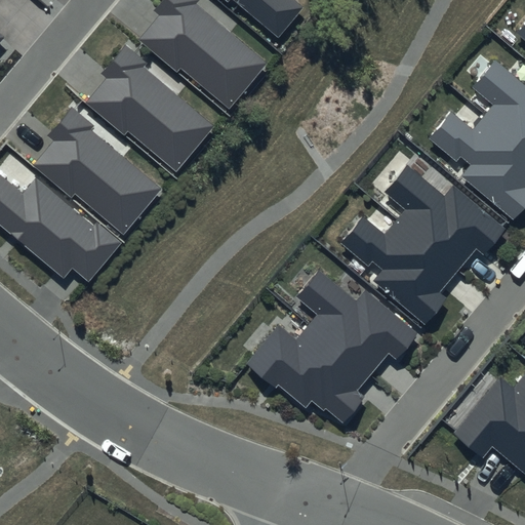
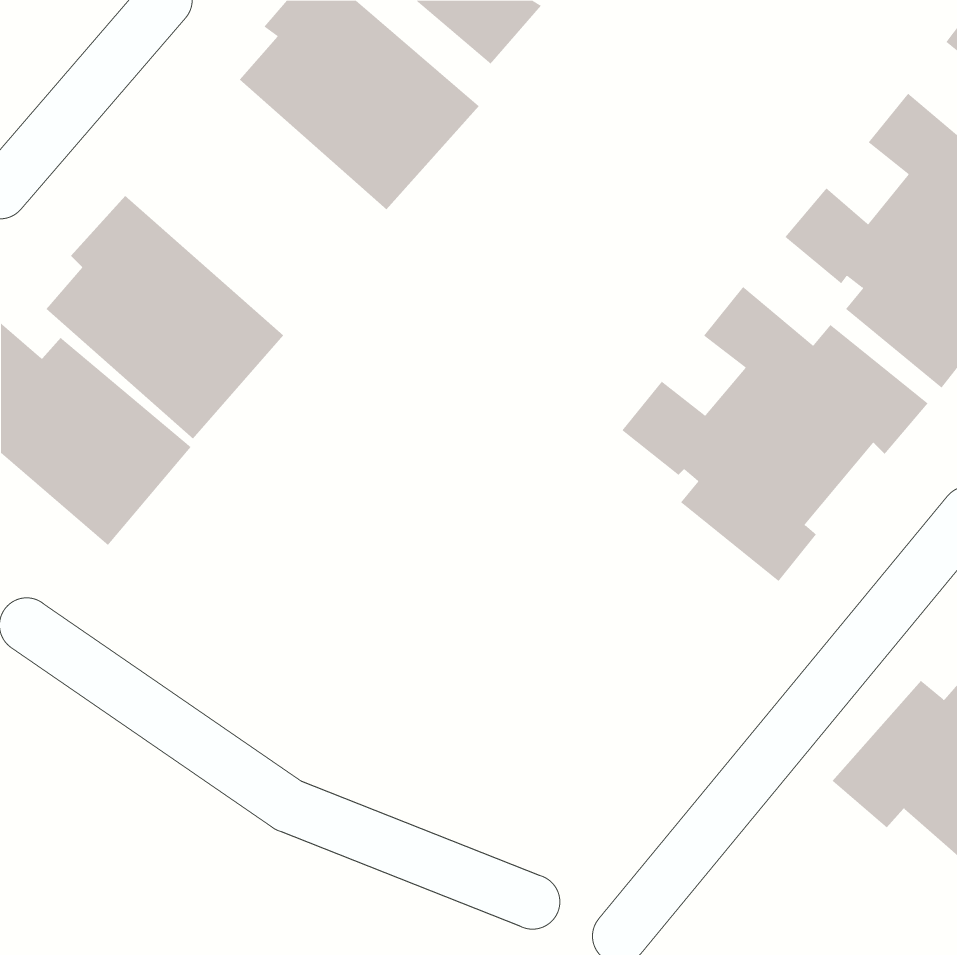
building: [83,50,212,183] -> none
building: [243,268,420,427] -> none

